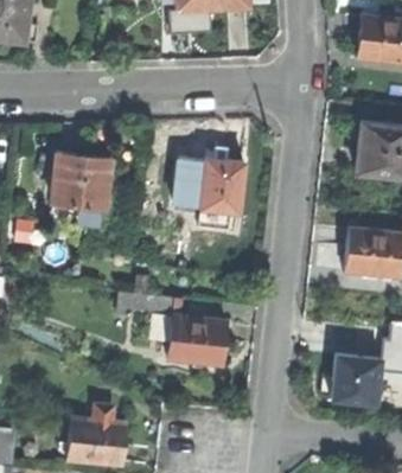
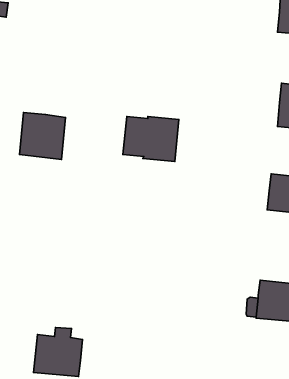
building: [115,293,224,366] -> none

